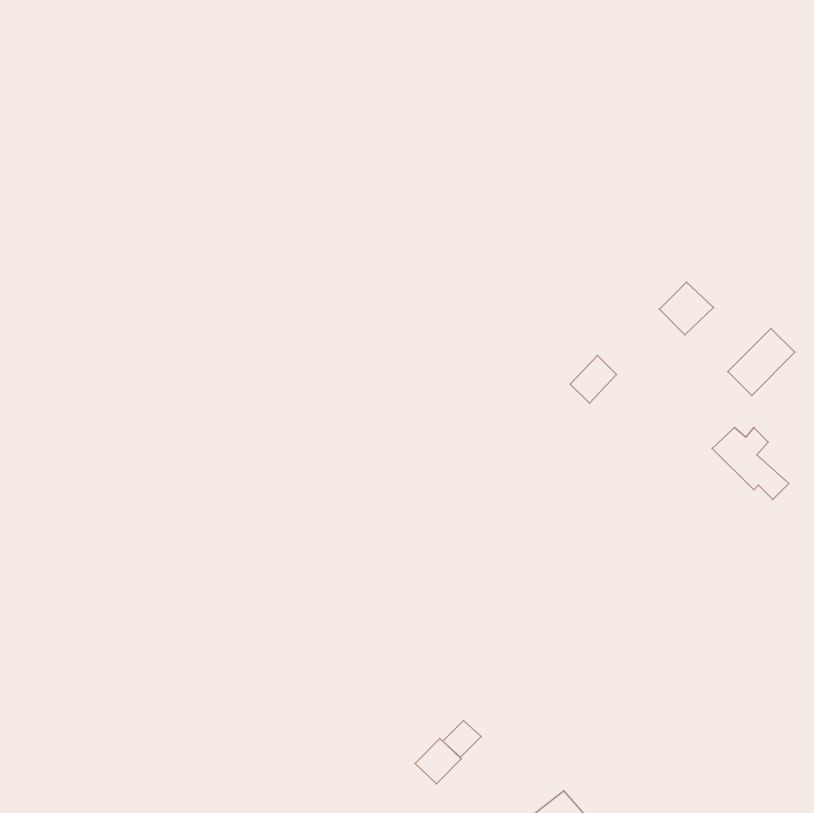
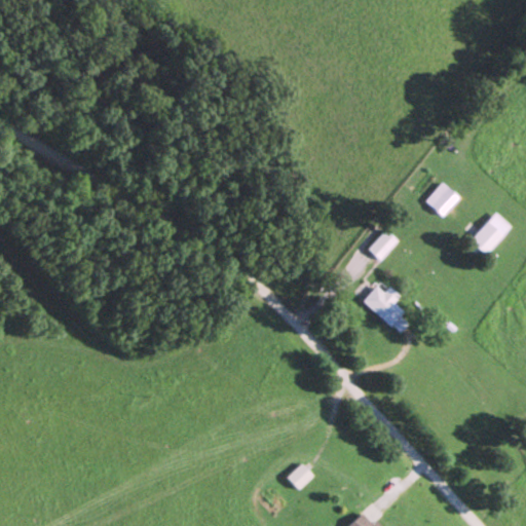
building: [712,428,789,499] -> [362,287,411,333]
building: [415,739,461,784] -> none

